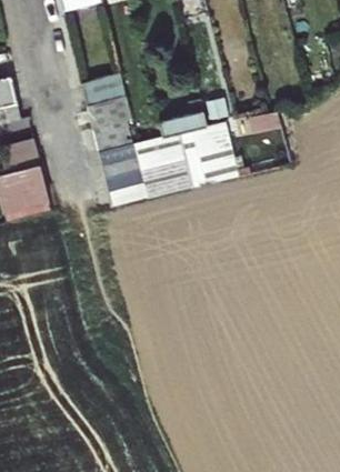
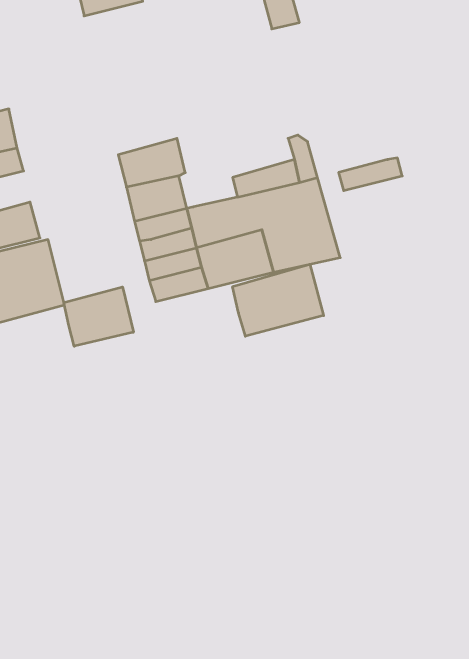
building: [81,72,127,108] -> none
building: none -> [233,264,324,336]
building: none -> [64,287,133,346]

